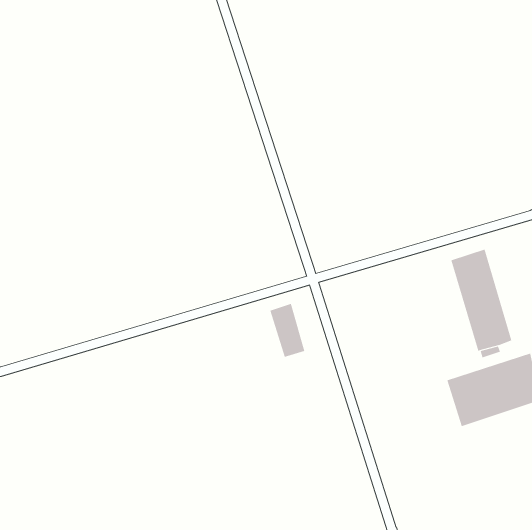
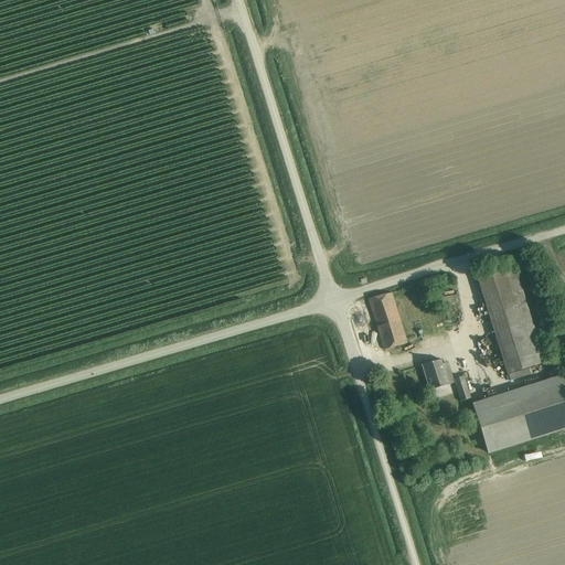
building: [270,303,305,357] -> [369,290,406,348]
building: none -> [422,358,471,399]

